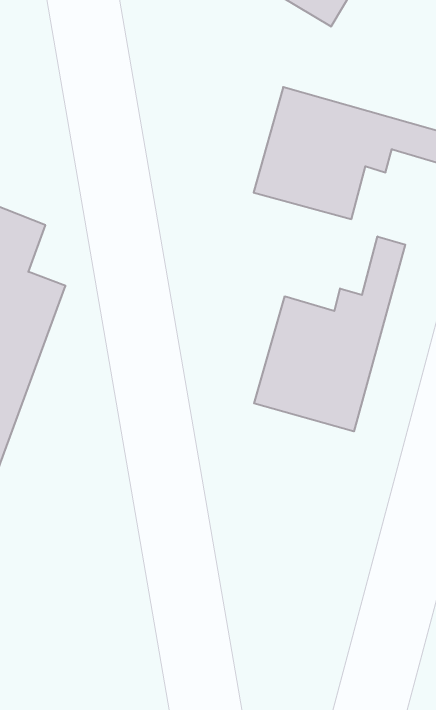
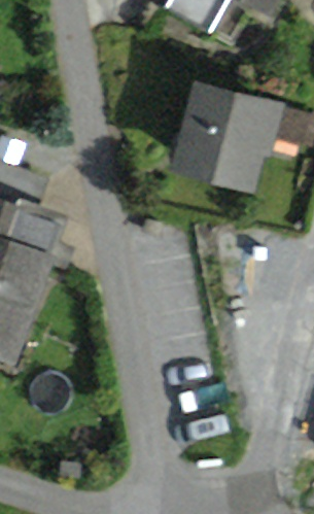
building: [254,236,405,431] -> none

